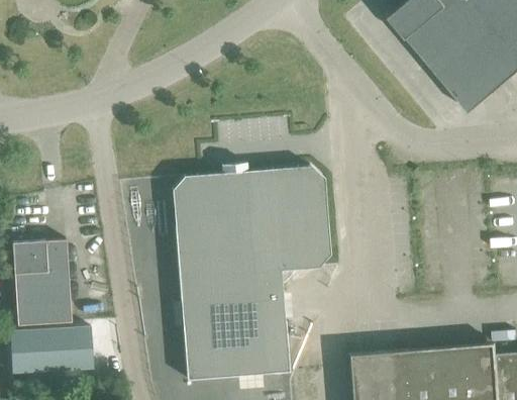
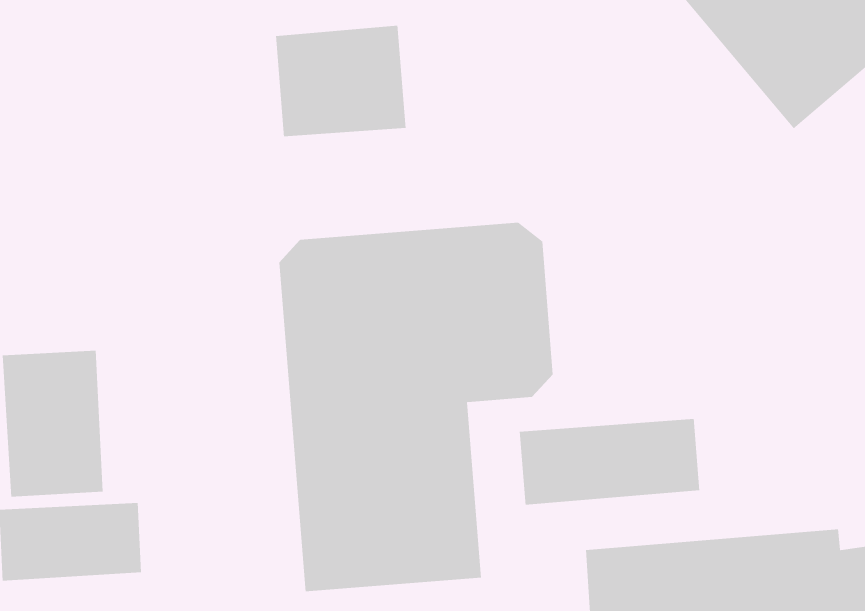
building: none -> [276,25,406,137]
building: none -> [519,418,700,505]

